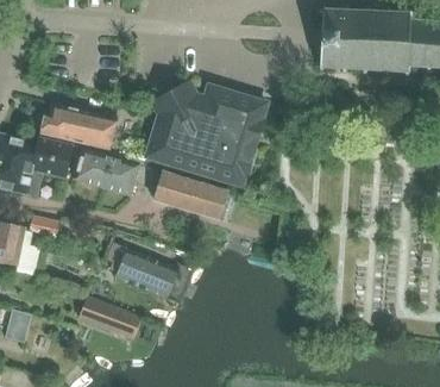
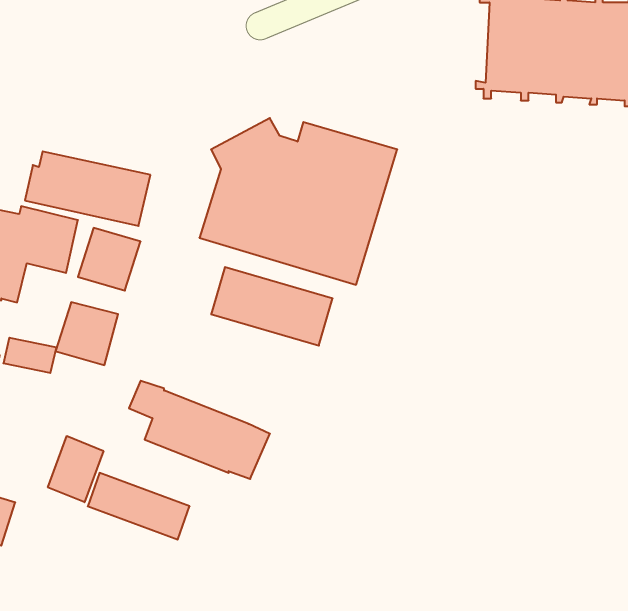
building: [101,157,139,195] -> [55,302,118,365]
building: none -> [48,436,103,502]

